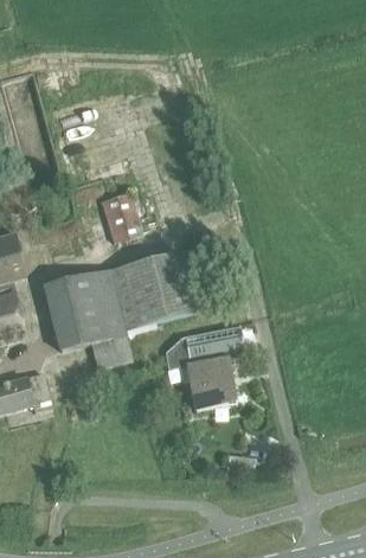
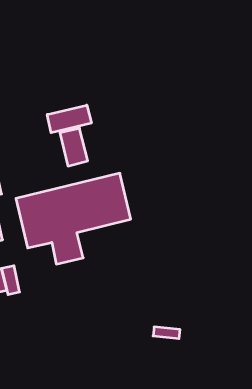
building: none -> [47,105,91,133]
building: [166,322,242,411] -> none

